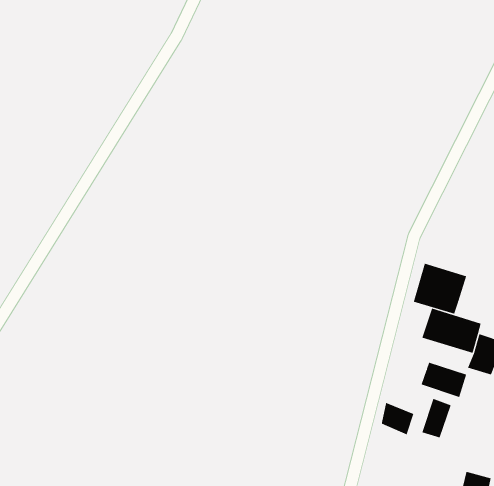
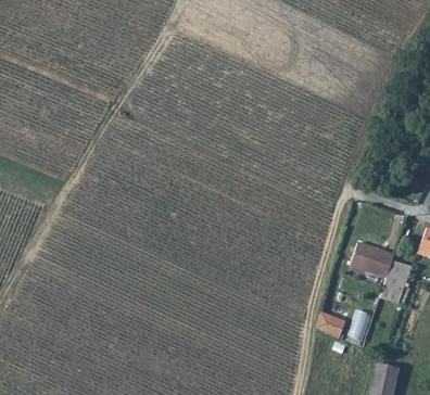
building: [413,263,467,314] -> none
building: [421,362,467,398] -> none

